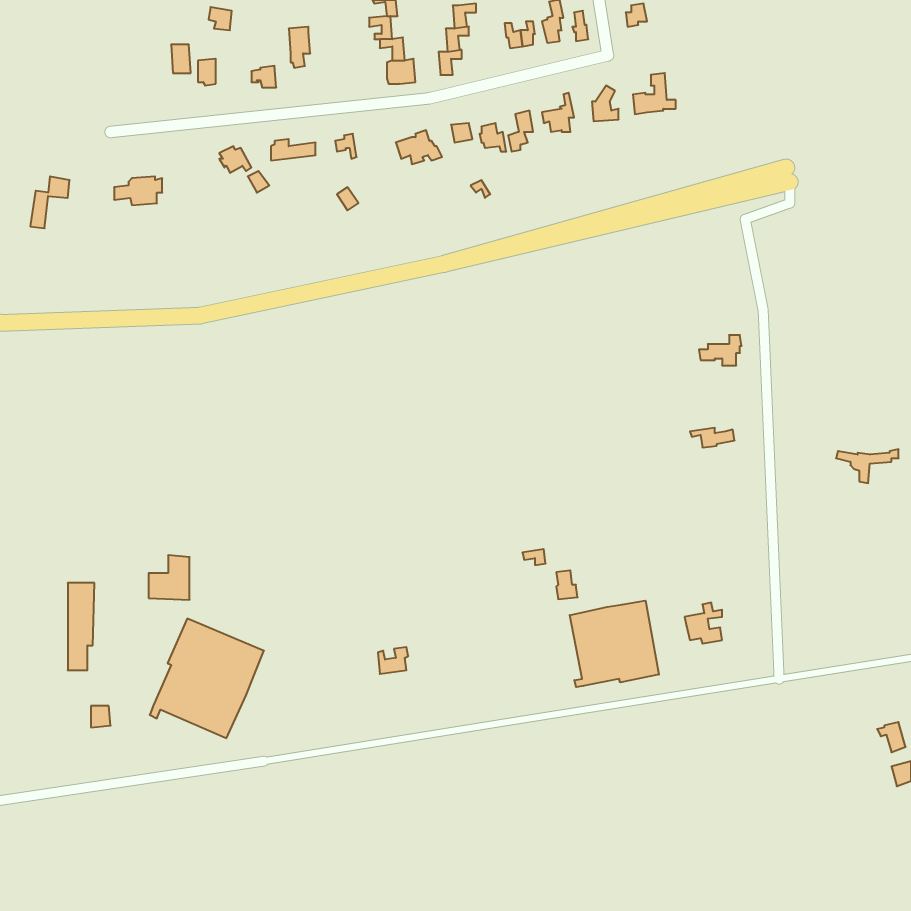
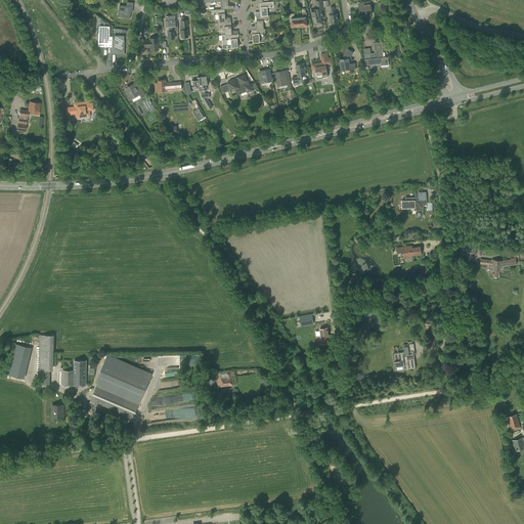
building: [149,555,190,600] -> [62,360,86,386]
building: none -> [8,343,32,378]
building: [570,601,659,687] -> none

